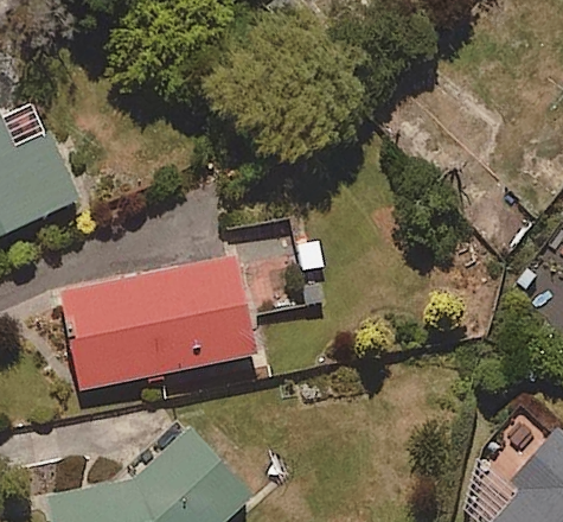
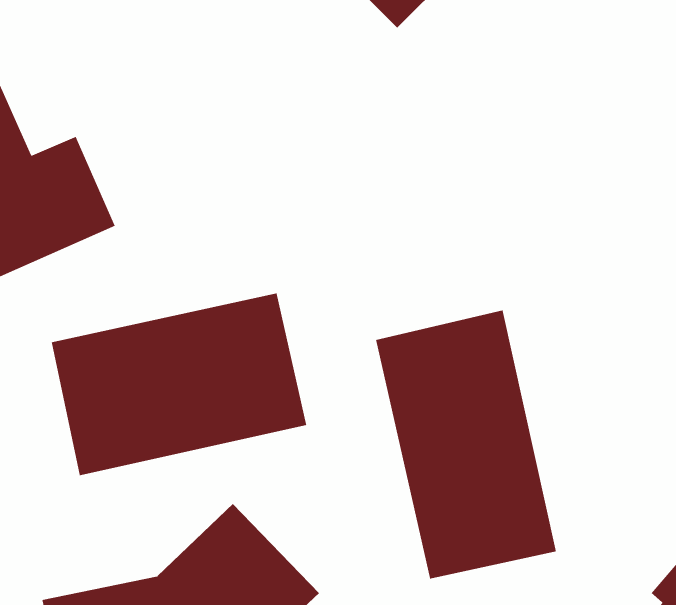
building: none -> [375,310,557,579]

